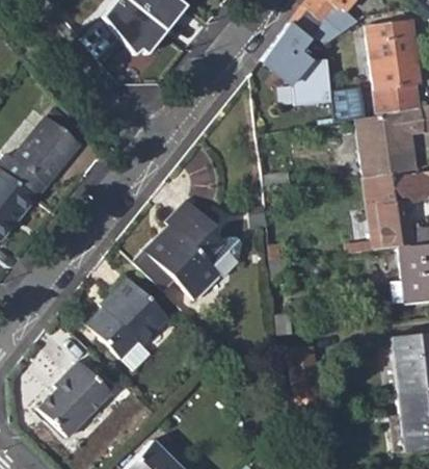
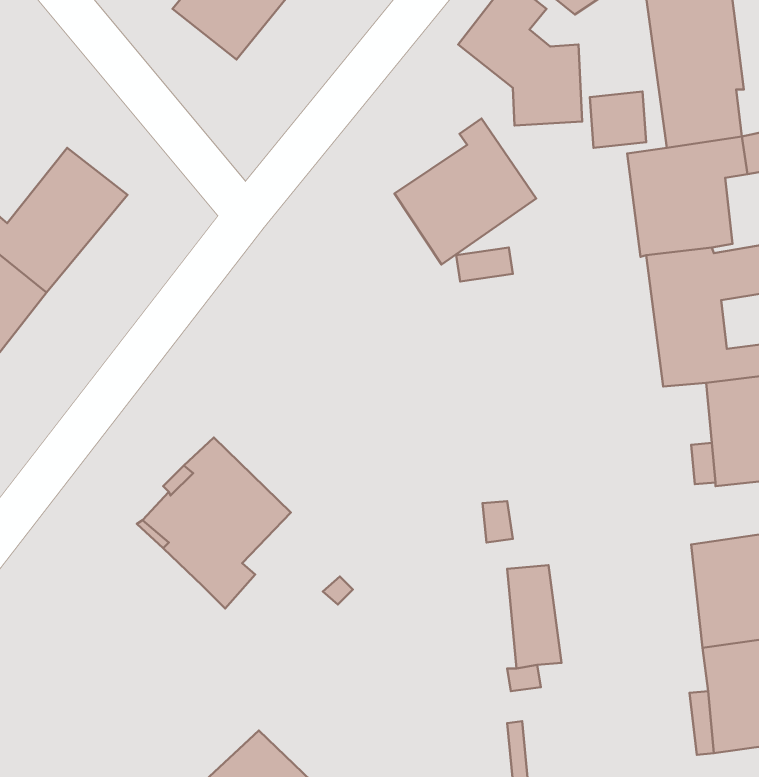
building: none -> [394,118,536,265]
building: [141,197,239,297] -> none
building: [37,360,111,437] -> none

